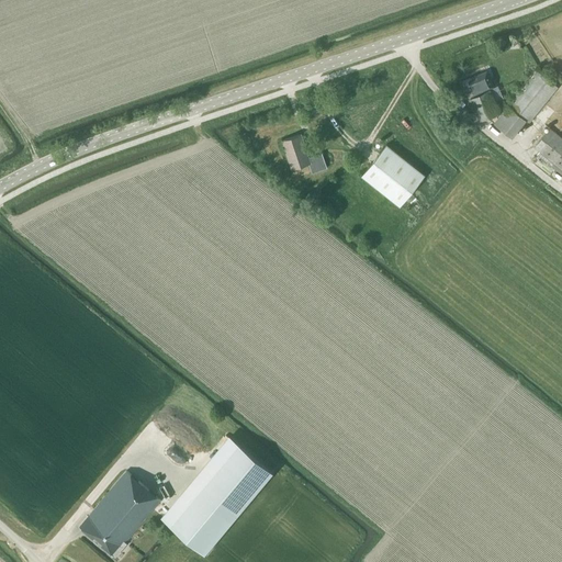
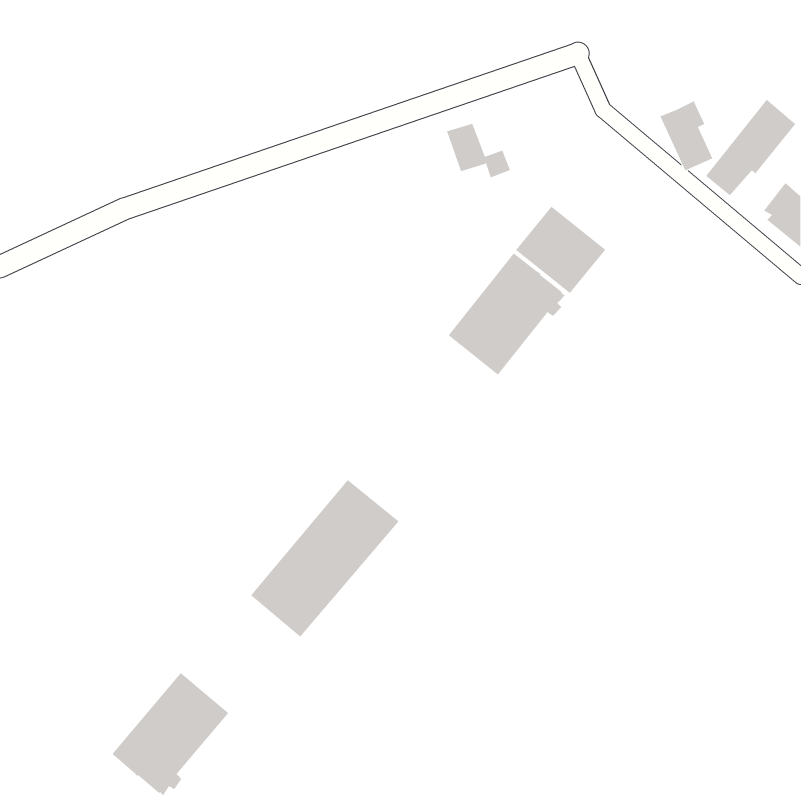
building: [281,135,326,173] -> [446,123,511,178]
building: none -> [448,252,566,375]
building: [168,442,272,553] -> [250,479,399,638]

